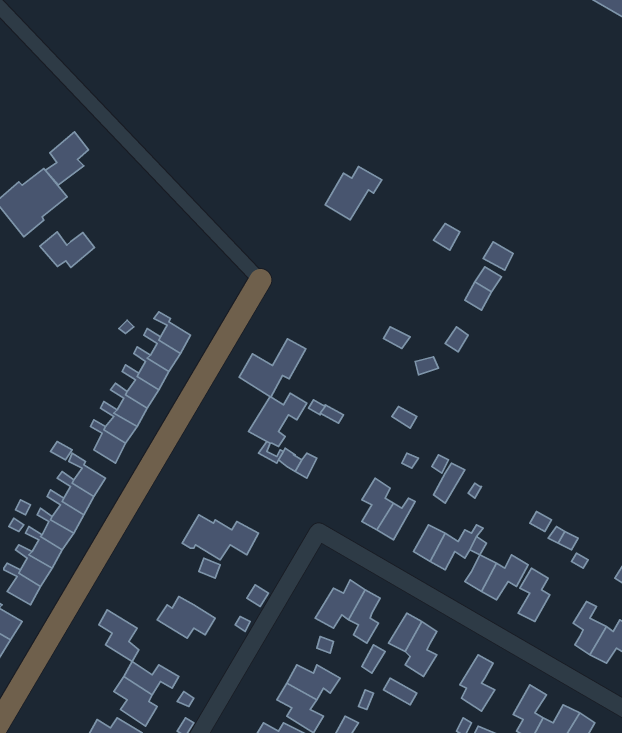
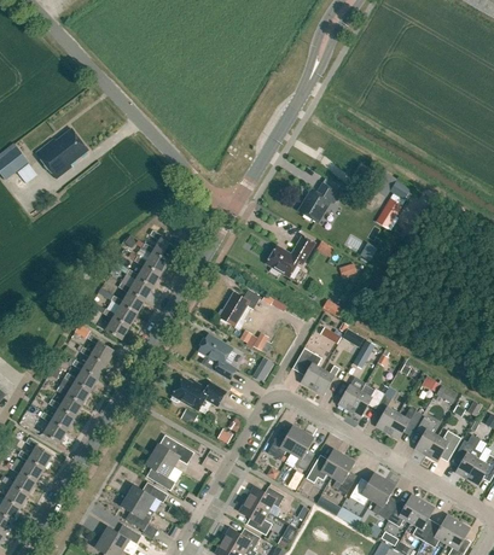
building: [45,132,88,185] -> none
building: [325,167,382,220] -> [298,183,339,222]
building: [40,232,95,268] -> none
building: [239,339,306,397] -> [267,235,315,278]
building: none -> [199,334,237,380]
building: none -> [426,431,461,462]
building: [99,610,139,661] -> [146,454,175,491]
building: none -> [350,473,385,504]
building: none -> [388,495,423,526]

